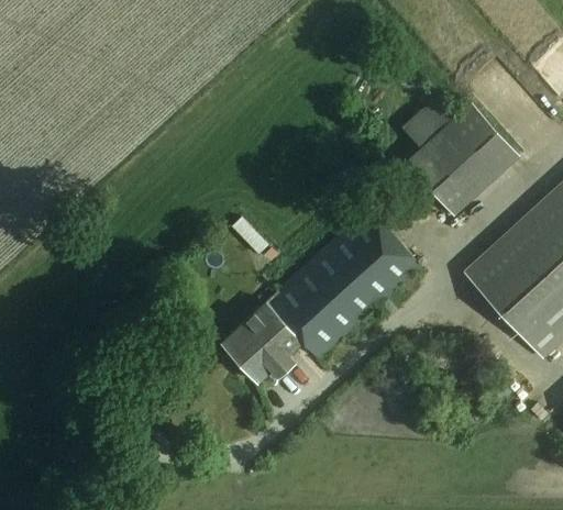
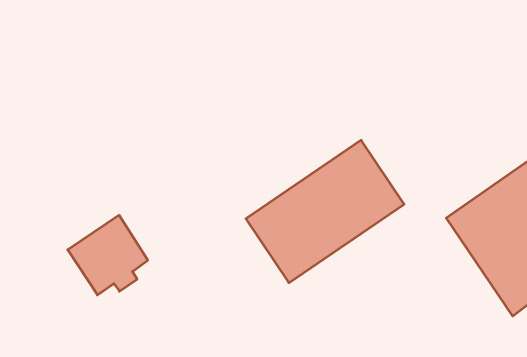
building: [402,98,521,217] -> none
building: [223,302,302,382] -> [68,215,148,295]

